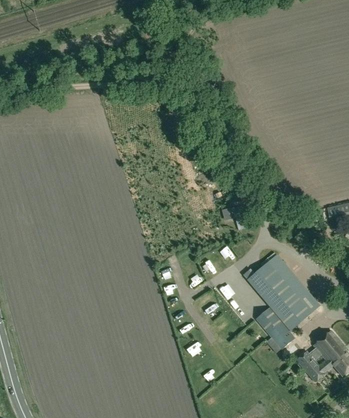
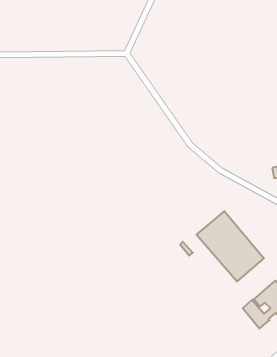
building: [256,308,293,348] -> none

